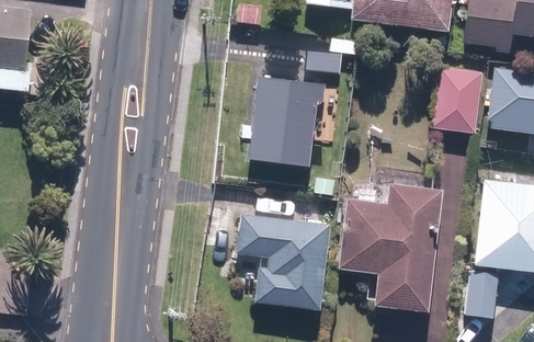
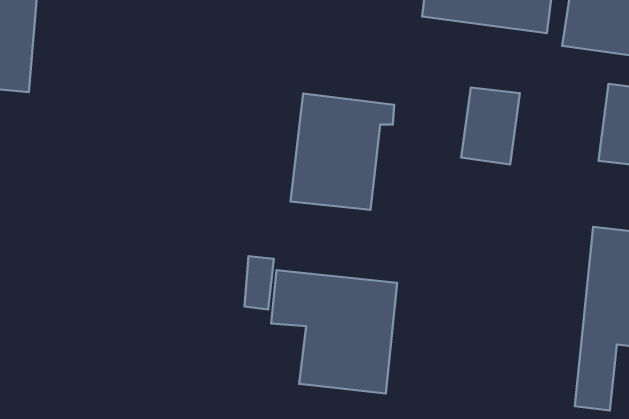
building: [434,70,480,130] -> [461,87,520,165]
building: [338,185,440,319] -> none

